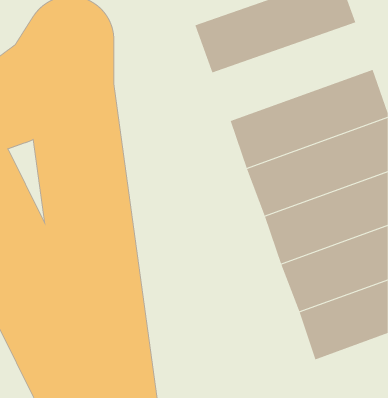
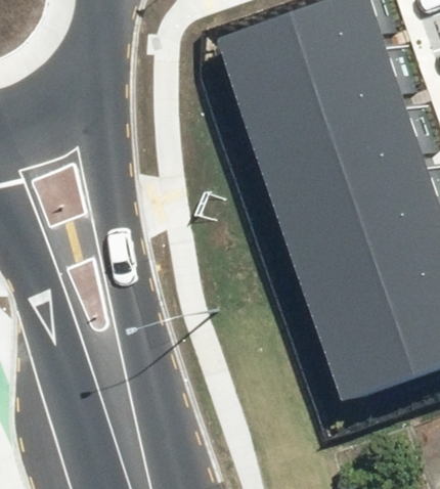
building: none -> [233,39,406,144]

